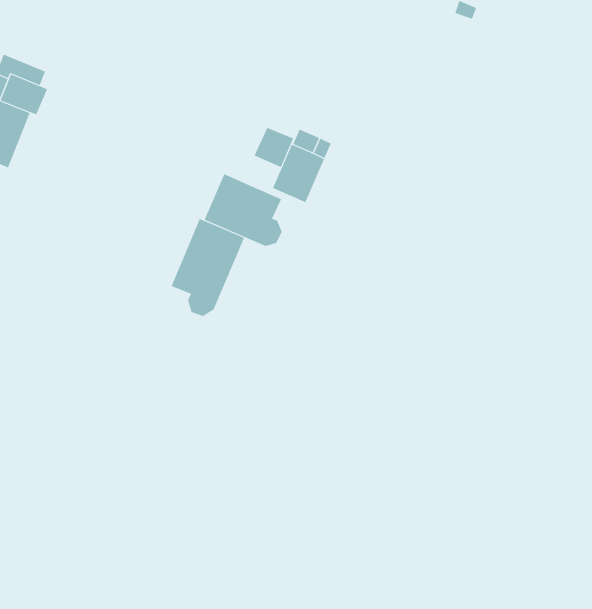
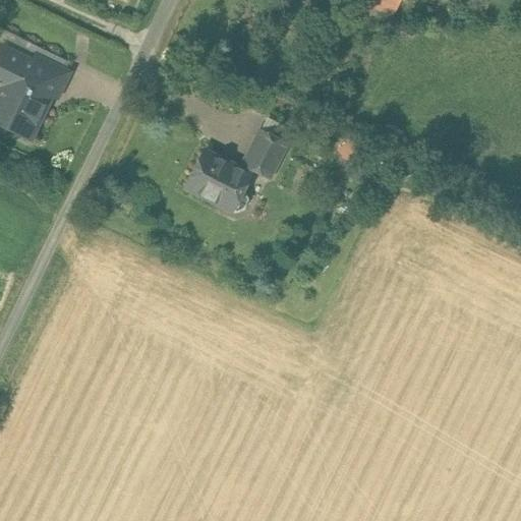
building: [254,127,294,168] -> none
building: [171,218,245,317] -> none

